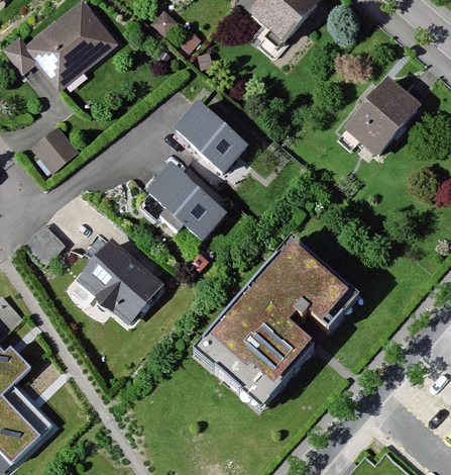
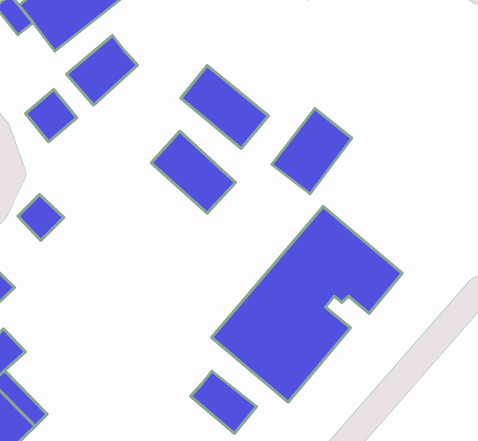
building: none -> [67,35,138,105]
building: [348,80,422,159] -> [272,109,352,194]
building: [78,240,161,321] -> none
building: none -> [191,371,256,433]

